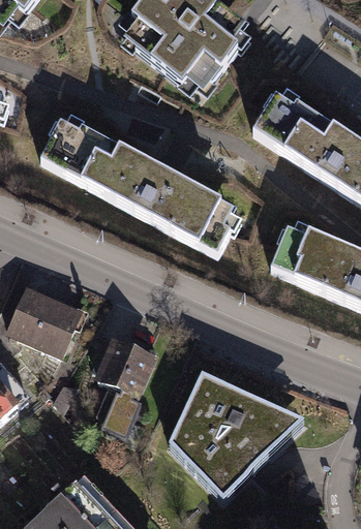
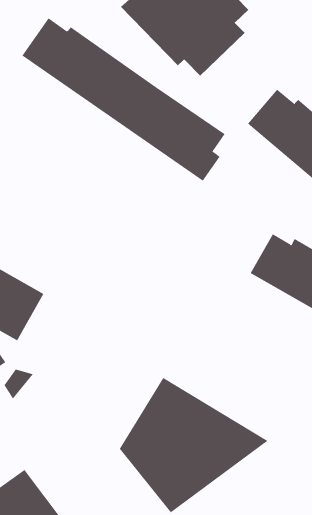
building: [38,120,236,255] -> [21,17,226,182]
building: [93,336,158,435] -> none

